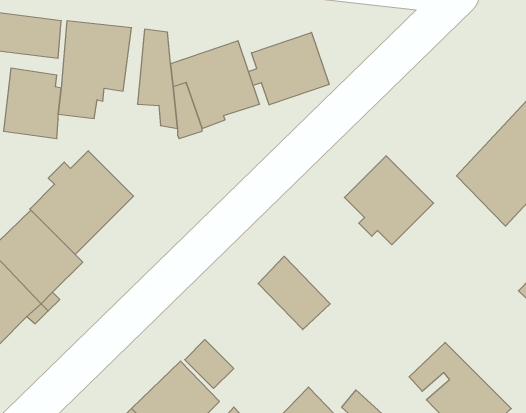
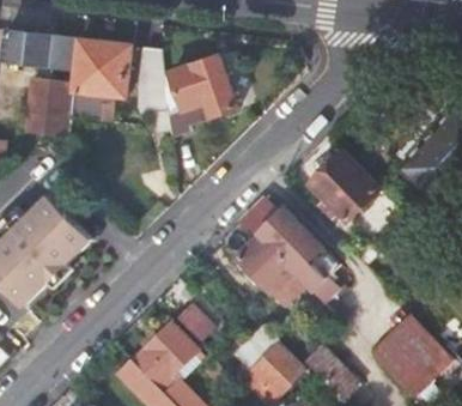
building: [248,32,329,105] -> none
building: [30,151,134,254] -> none
building: none -> [237,200,342,305]

